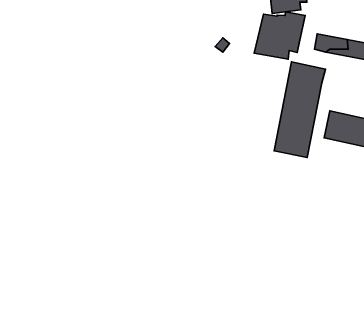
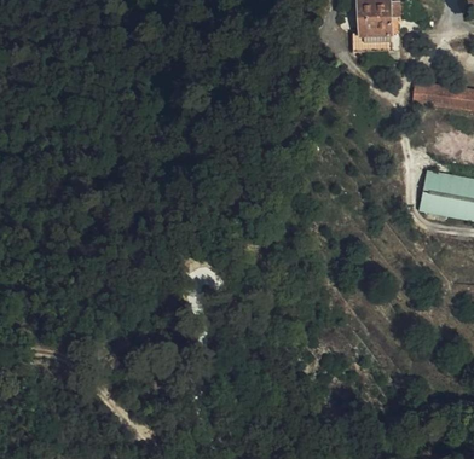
building: [254,12,305,59] -> none
building: [274,62,326,158] -> none

